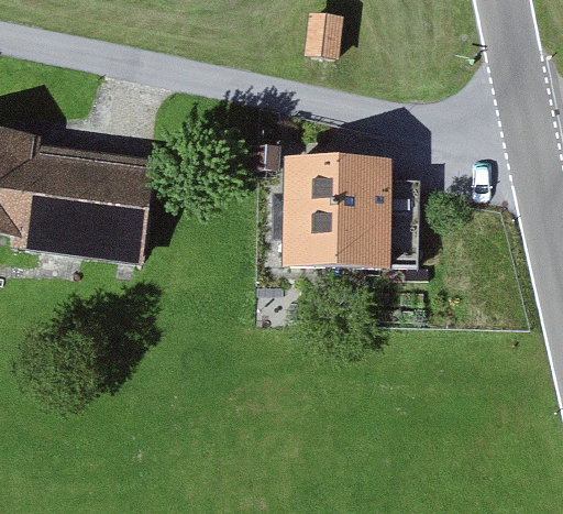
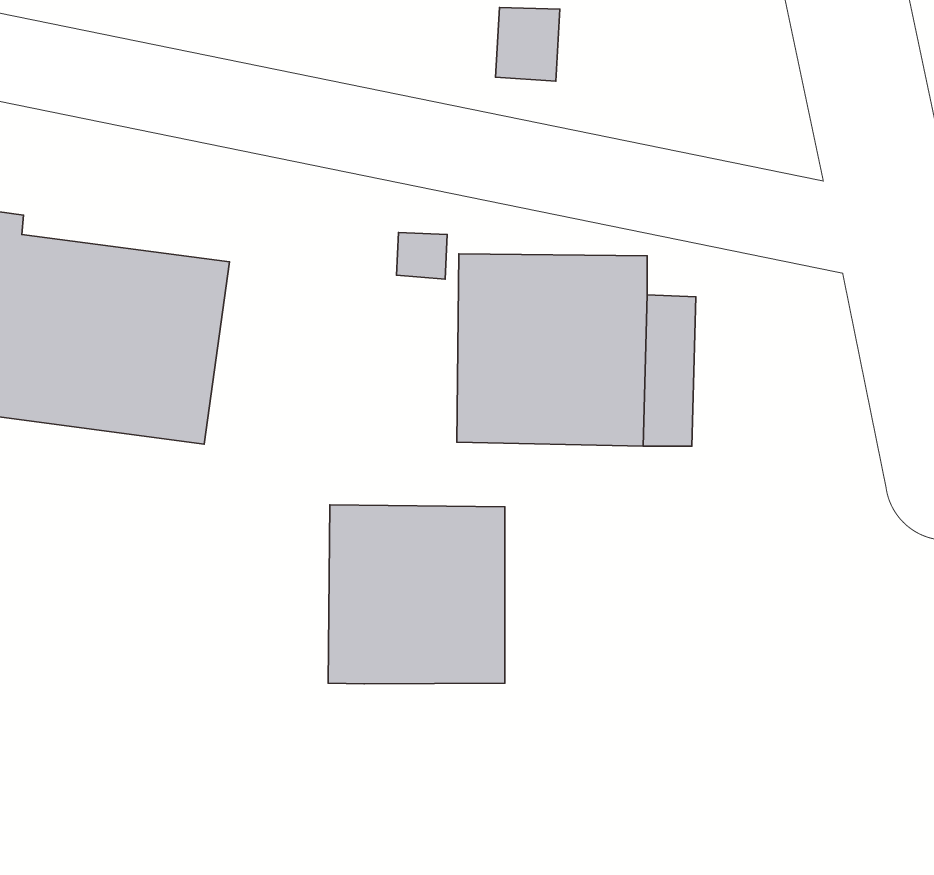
building: none -> [328,505,505,684]

